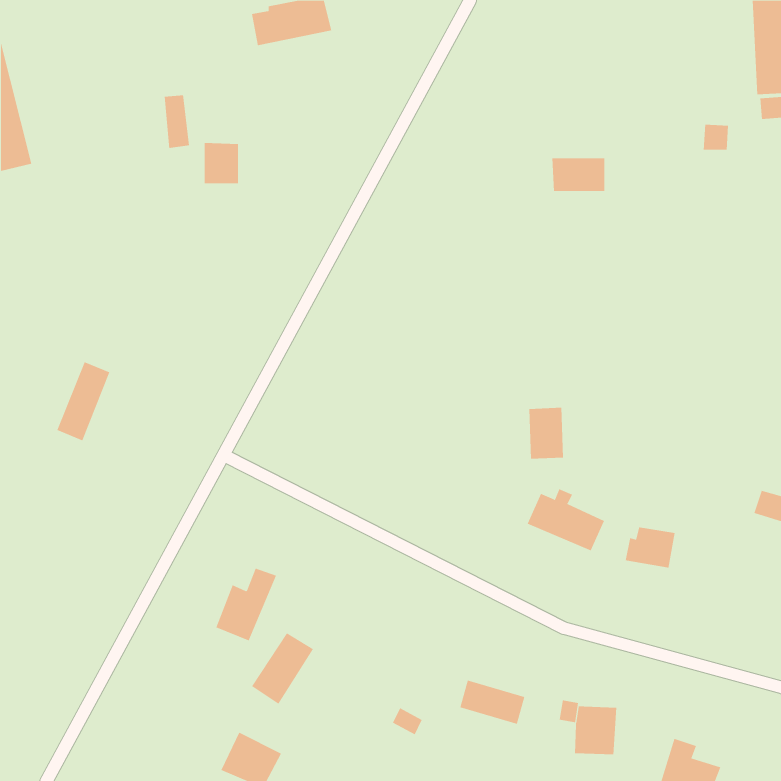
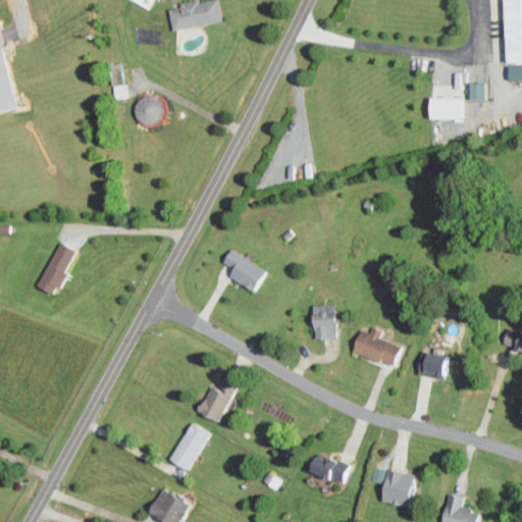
building: [551,158,605,191] -> [428,98,464,120]
building: none -> [222,248,267,292]
building: [529,407,564,459] -> [312,304,335,338]
building: [215,568,277,641] -> [198,373,239,422]

